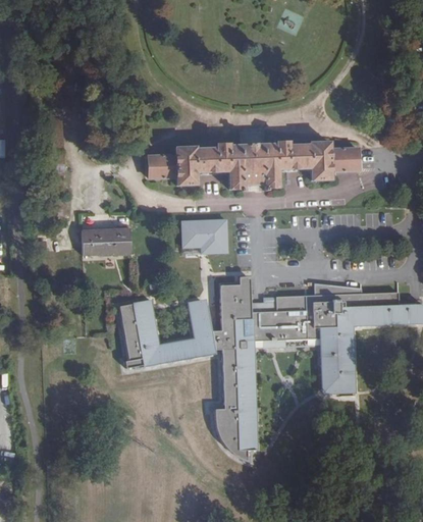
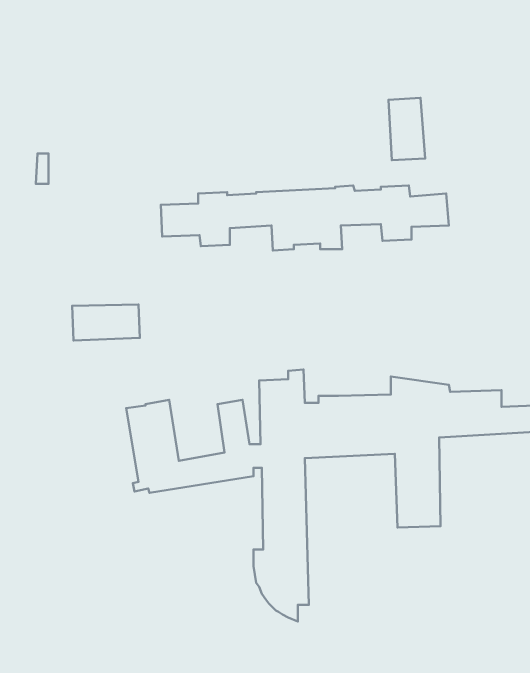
building: none -> [389,98,425,160]
building: [180,217,228,254] -> none

